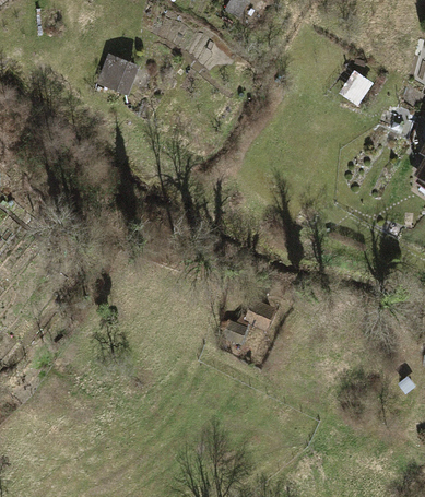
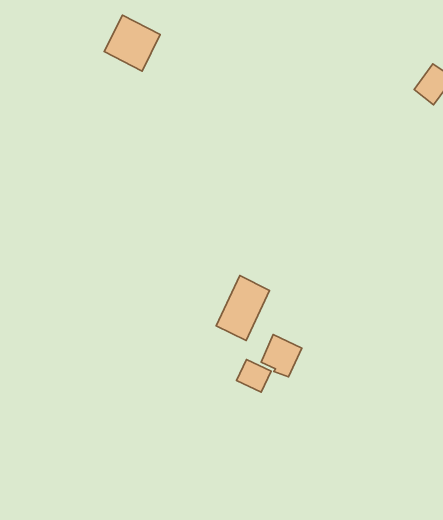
building: none -> [216,276,270,341]

